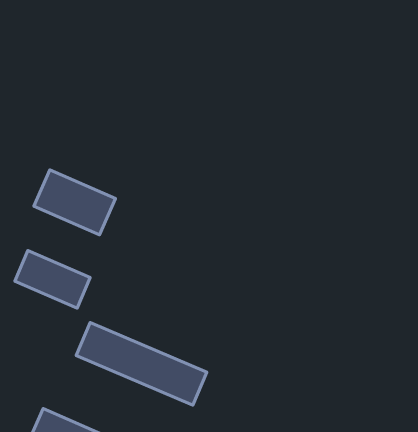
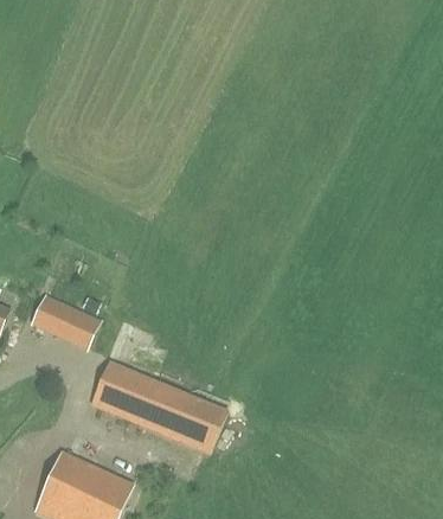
building: [34,170,116,235] -> none

